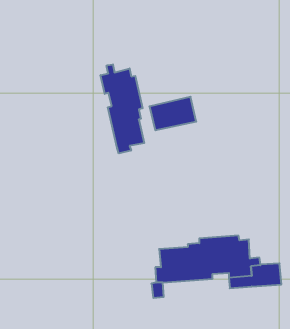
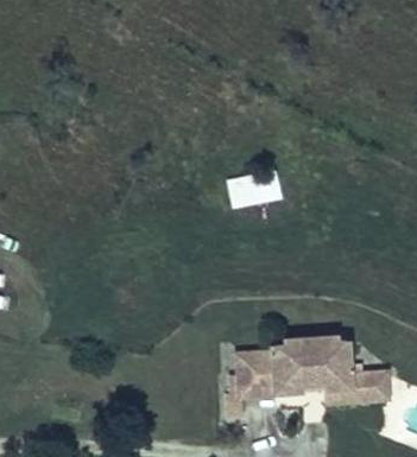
building: [101,64,144,153] -> none

